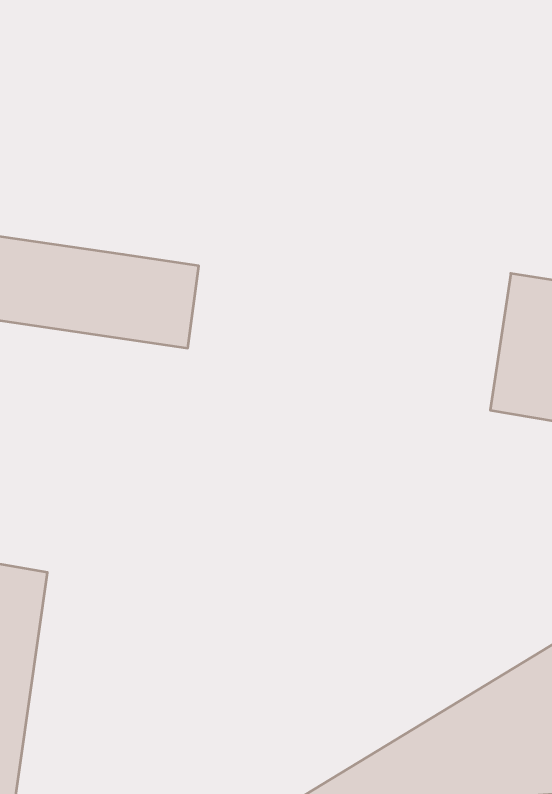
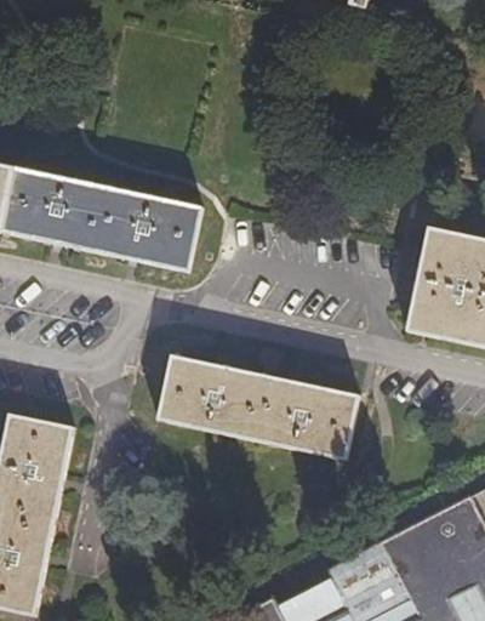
building: none -> [156,358,358,460]

